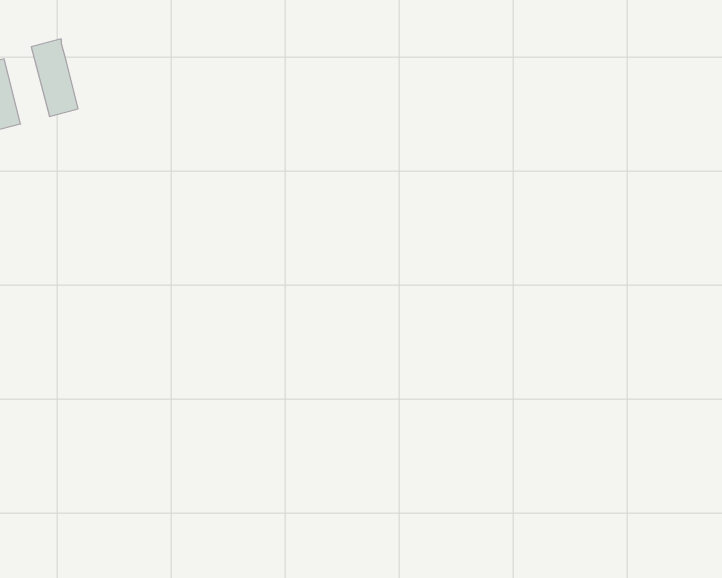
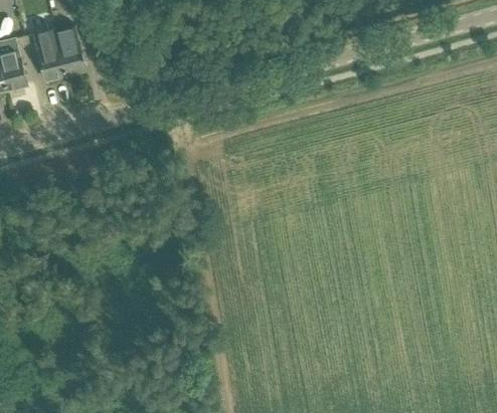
building: none -> [53,26,84,74]

